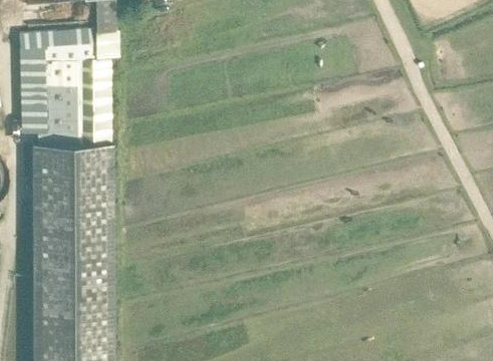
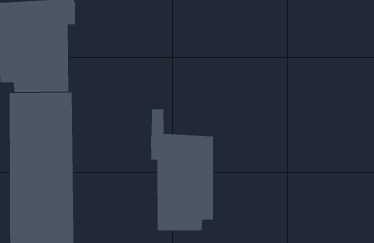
building: none -> [150,108,214,231]

